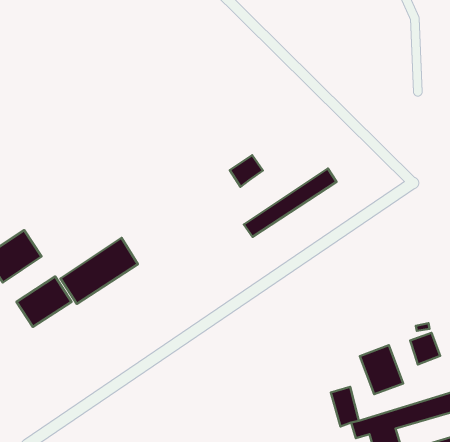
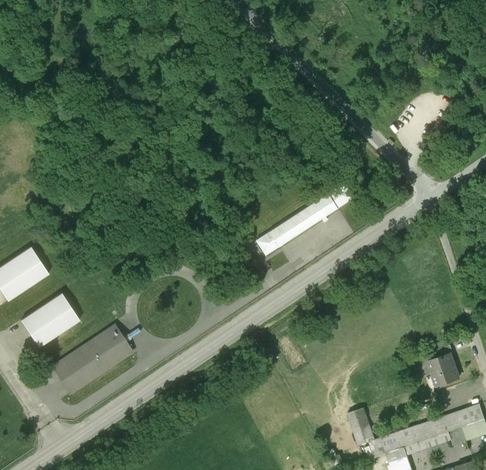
building: [230,155,263,187] -> none
building: [60,238,138,304] -> [52,324,132,392]
building: [360,345,403,394] -> none

